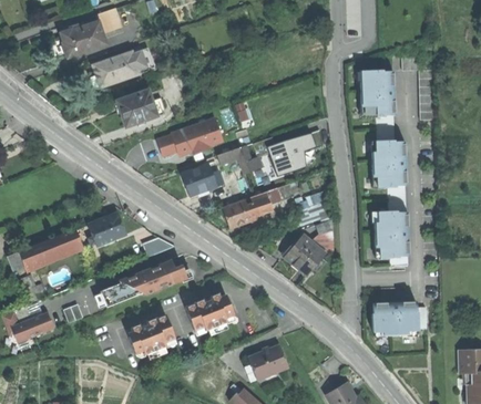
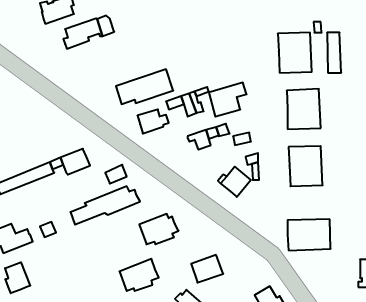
building: [116,91,162,126] -> none
building: [223,200,258,228] -> none
building: [127,315,176,355] -> [119,259,159,291]
building: none -> [5,262,30,293]

